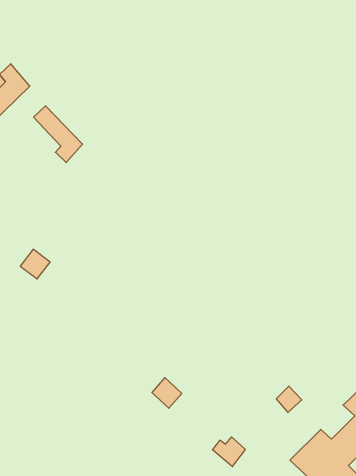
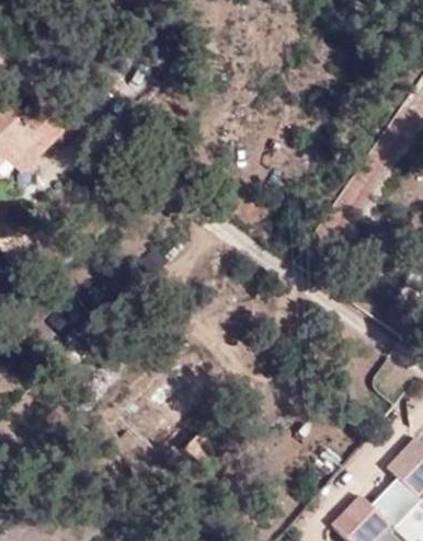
building: [34,106,83,163] -> none

